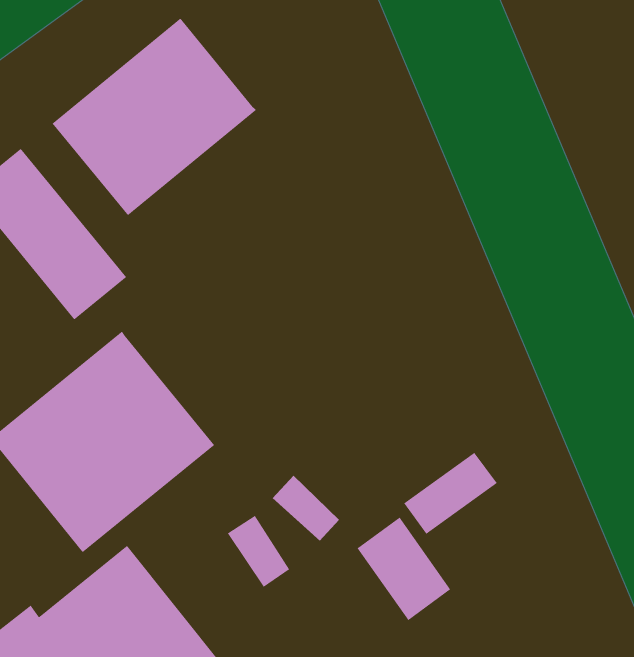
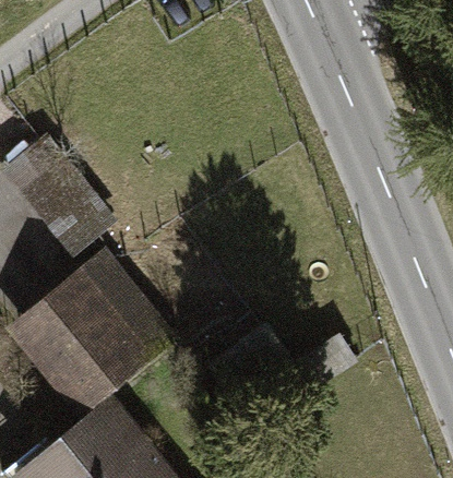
building: [51,17,257,216] -> none

